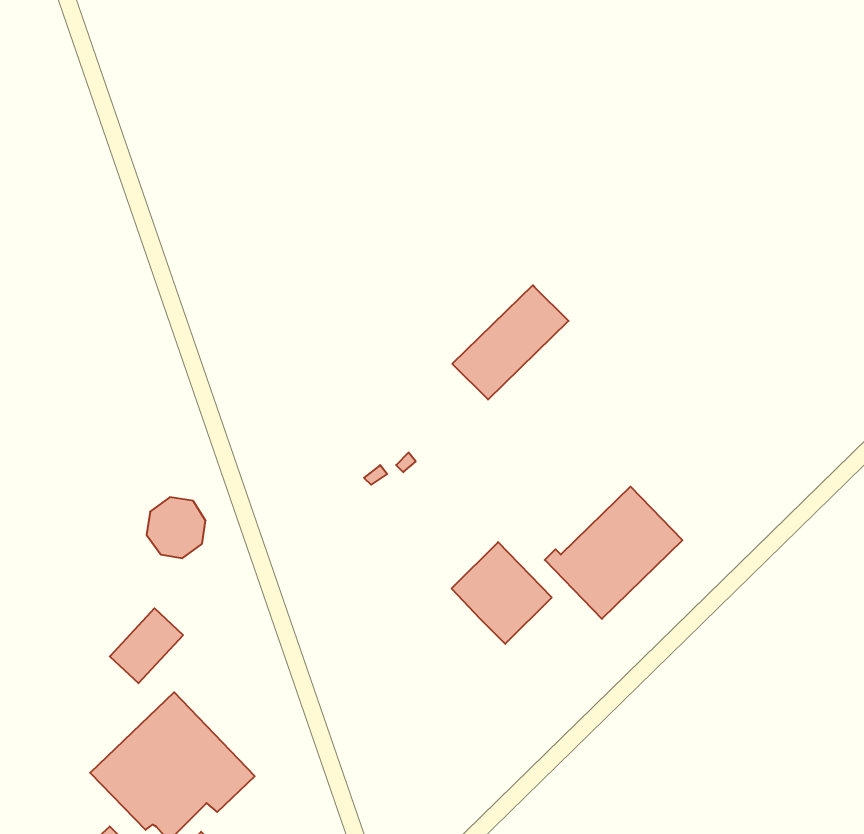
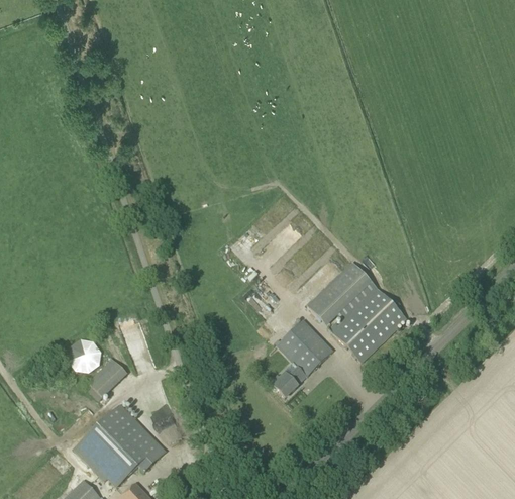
building: [452,285,569,400] -> [307,262,373,326]
building: [147,497,206,558] -> [69,340,102,375]
building: none -> [272,363,305,398]

